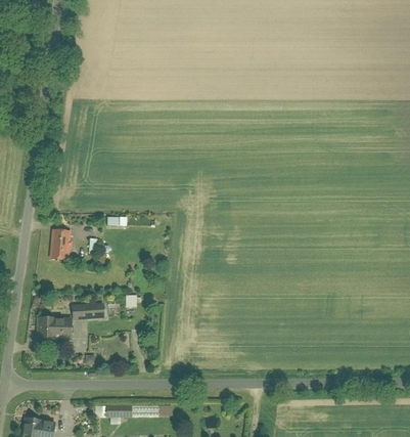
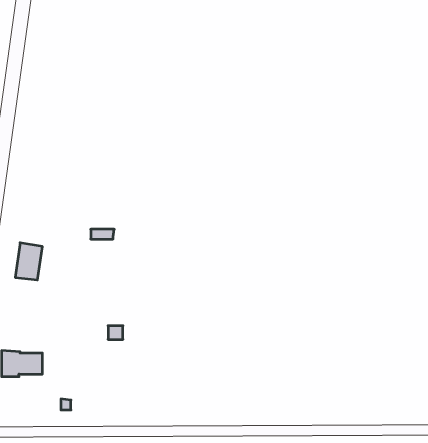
building: [72,302,104,319] -> none

